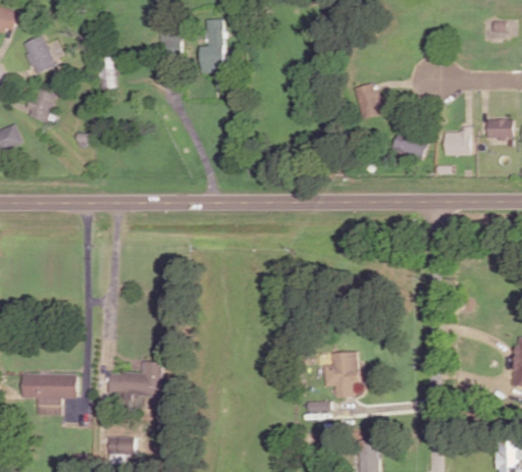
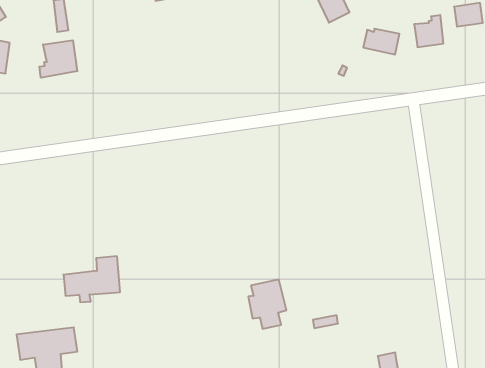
building: none -> [39,40,77,78]
building: [325,351,360,396] -> [248,279,286,329]
building: [106,362,161,403] -> [63,256,120,302]

